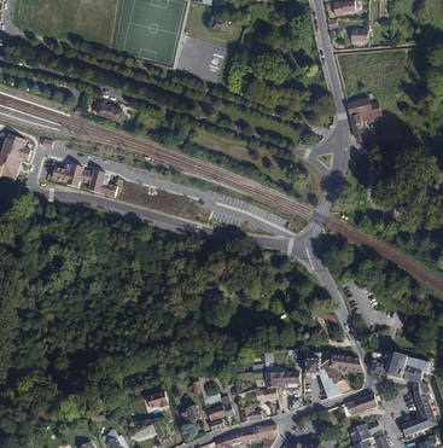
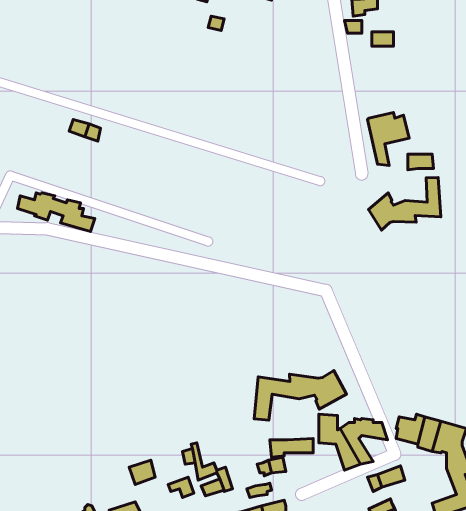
building: none -> [368,177,441,230]
building: none -> [254,370,346,420]

